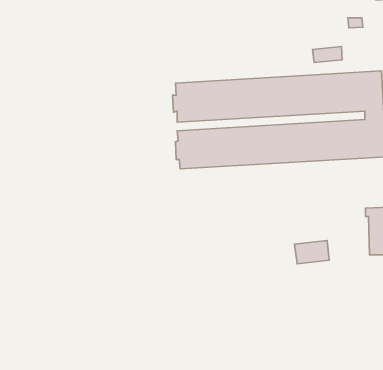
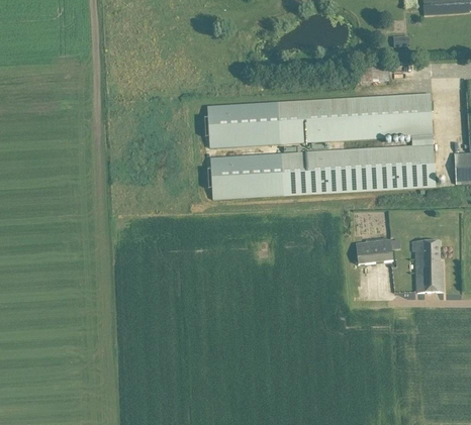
building: [295,240,329,264] -> [356,238,393,263]

